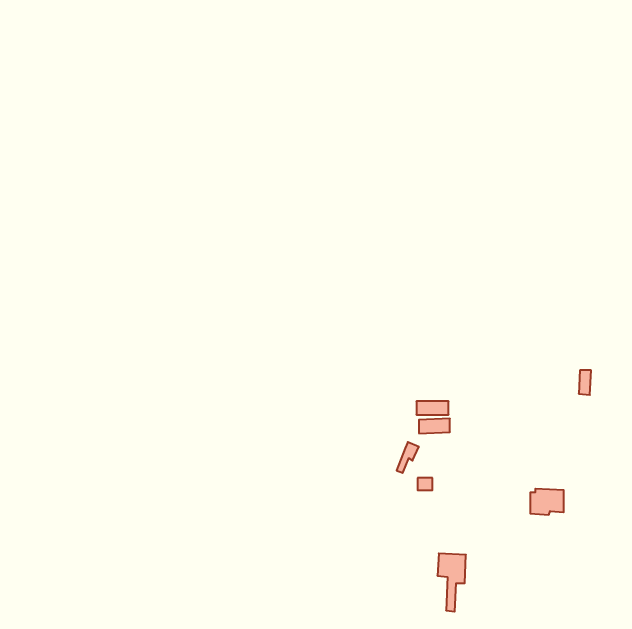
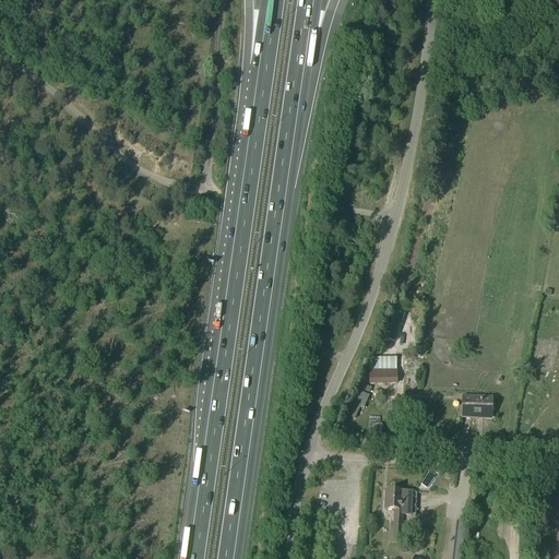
building: [530,489,564,515] -> [463,394,492,417]

